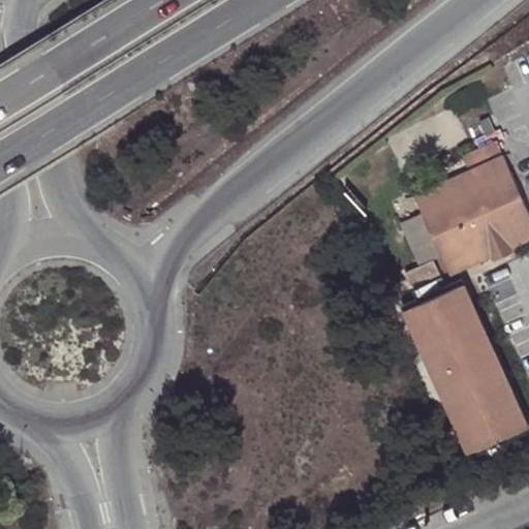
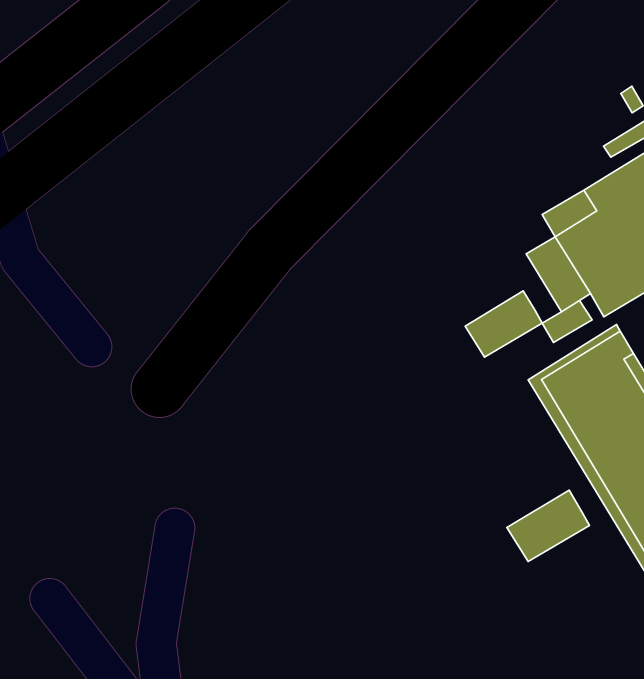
building: none -> [465,291,542,357]
building: none -> [507,490,589,561]

